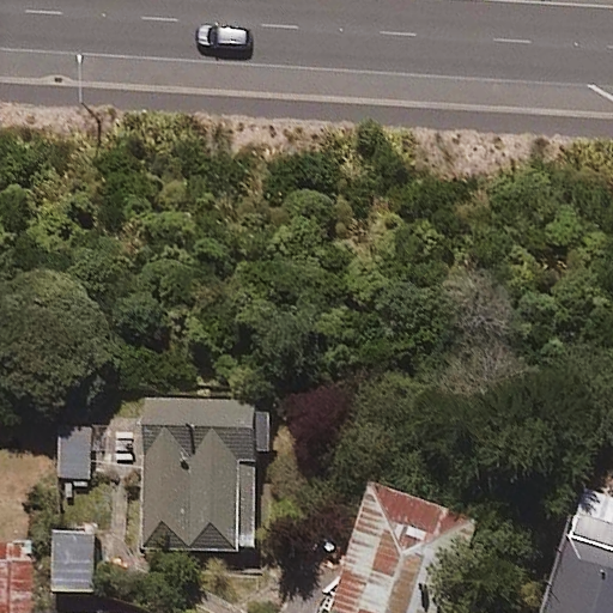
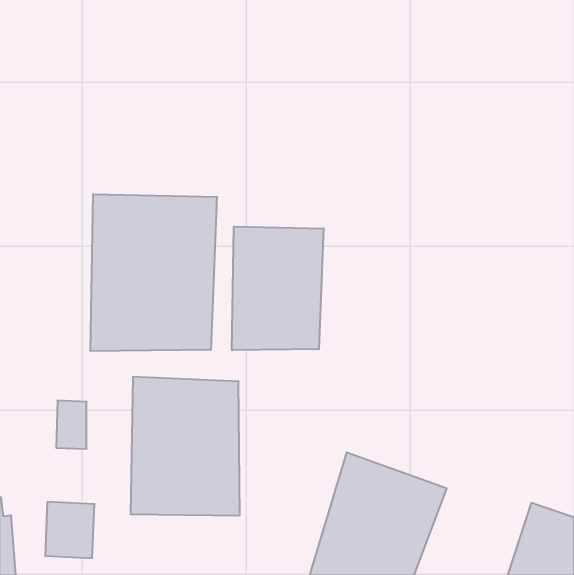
building: none -> [91,194,217,351]
building: none -> [232,226,324,350]

